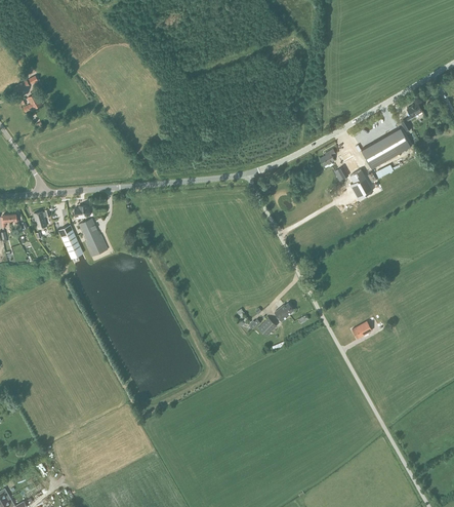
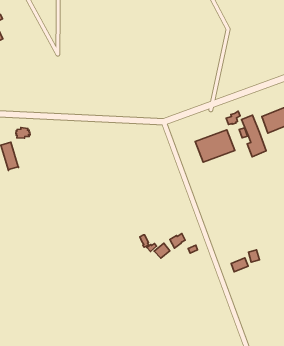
building: none -> [195,130,235,162]
building: [78,218,109,257] -> none

